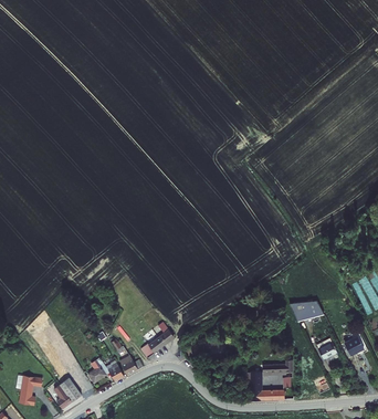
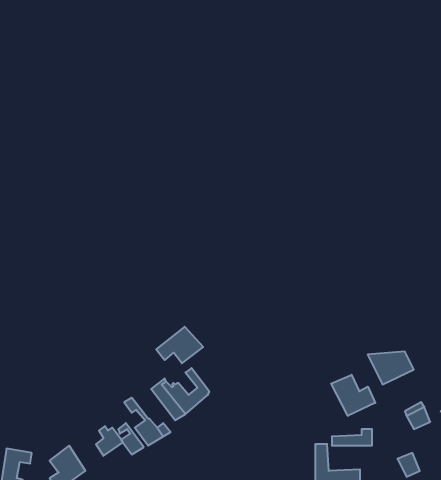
building: none -> [156,327,203,363]
building: none -> [331,375,375,416]

